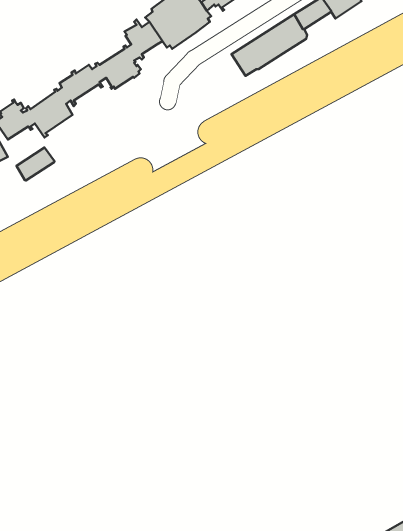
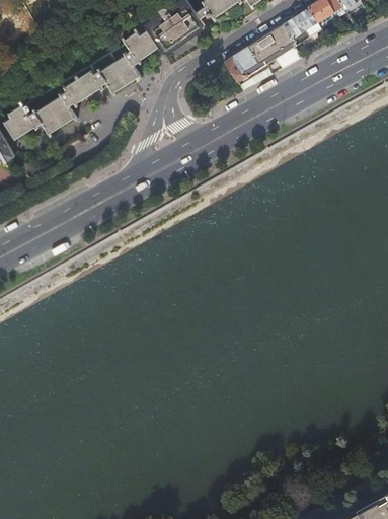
building: [16,148,55,181] -> none

